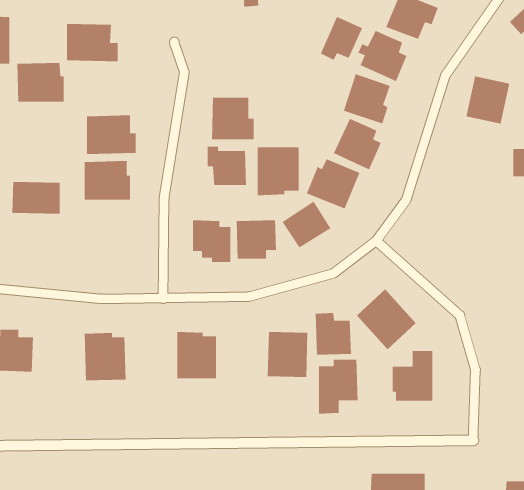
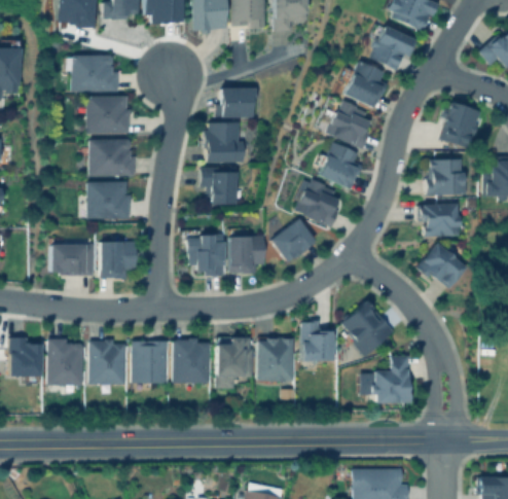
building: [320,16,363,61] -> none
building: none -> [219,87,257,118]
building: [16,62,64,102] -> [87,96,132,133]
building: none -> [427,159,469,195]
building: [257,146,299,196] -> none
building: [11,181,60,215] -> [49,244,95,275]
building: none -> [420,203,461,237]
building: none -> [100,241,137,278]
building: none -> [418,242,468,290]
building: none -> [47,338,85,385]
building: none -> [132,341,169,383]
building: [318,359,358,415] -> [216,337,253,389]

